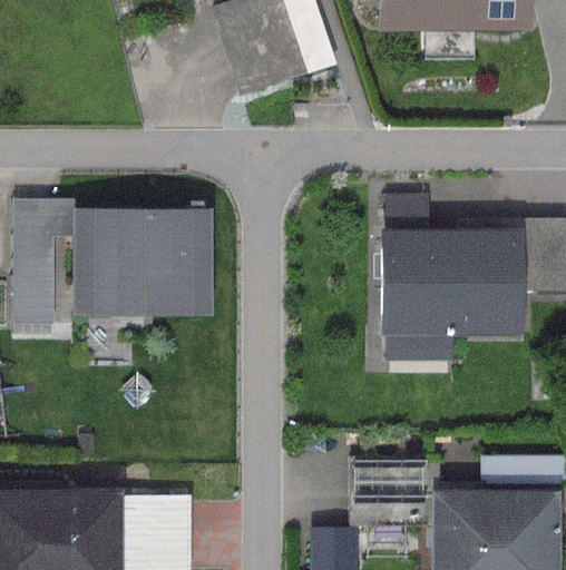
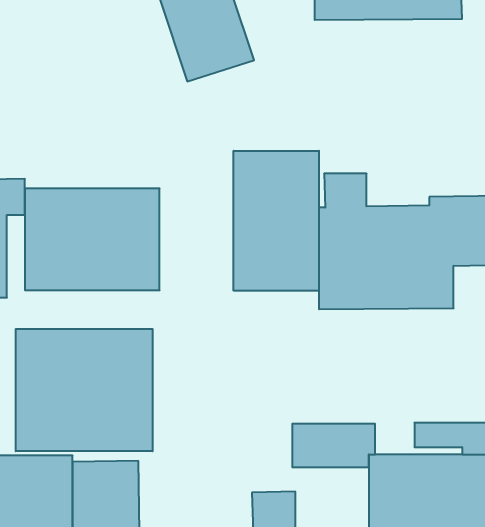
building: none -> [234,151,319,291]
building: none -> [16,329,153,451]

